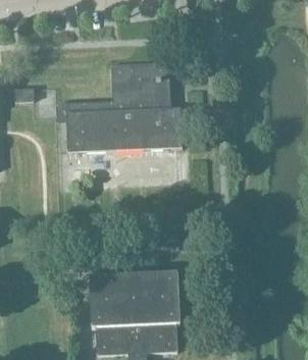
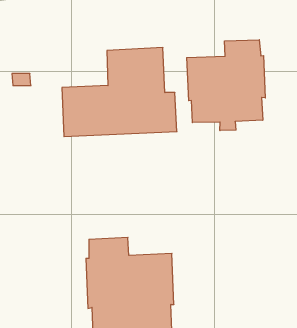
building: none -> [187,40,265,131]

